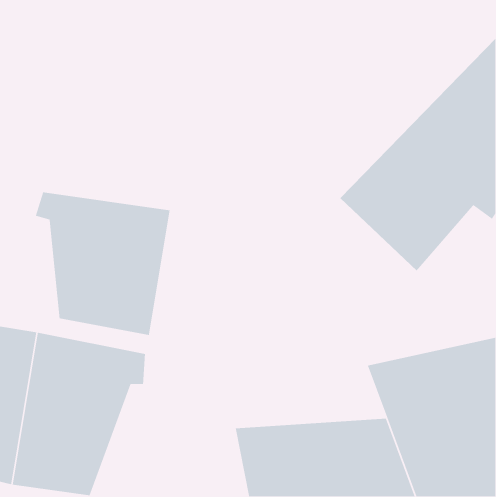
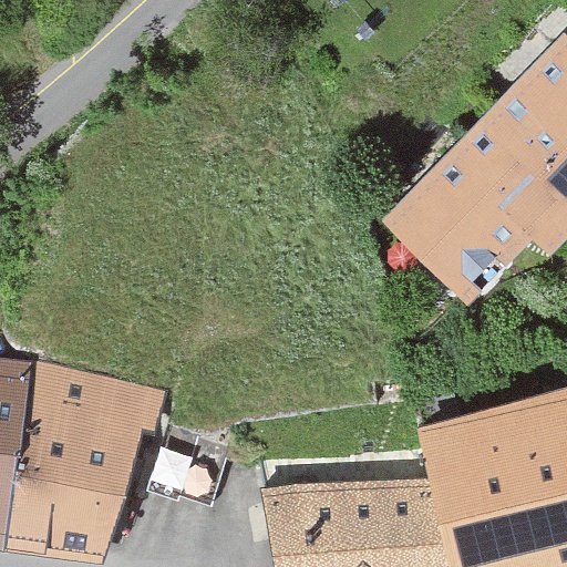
building: [35,191,170,336] -> none

